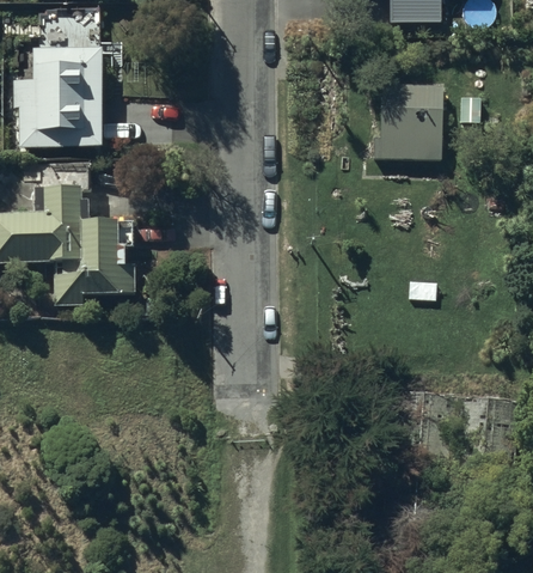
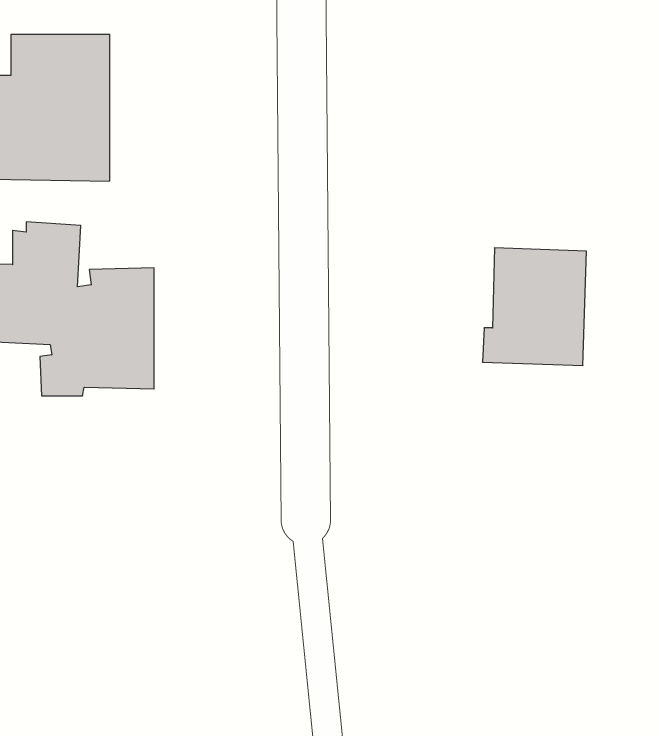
building: [372,75,445,158] -> [482,248,586,365]

